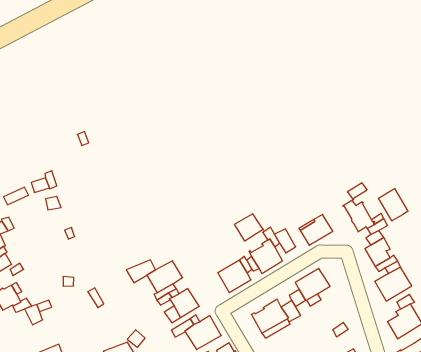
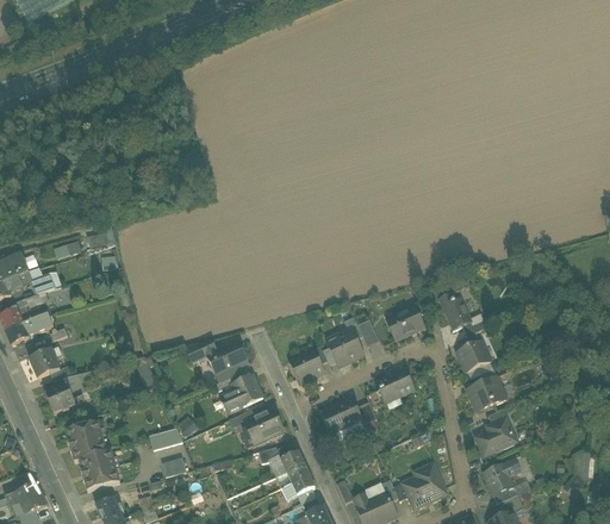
building: [378,189,408,221] -> none
building: [235,214,263,241] -> none
building: none -> [45,385,85,412]

